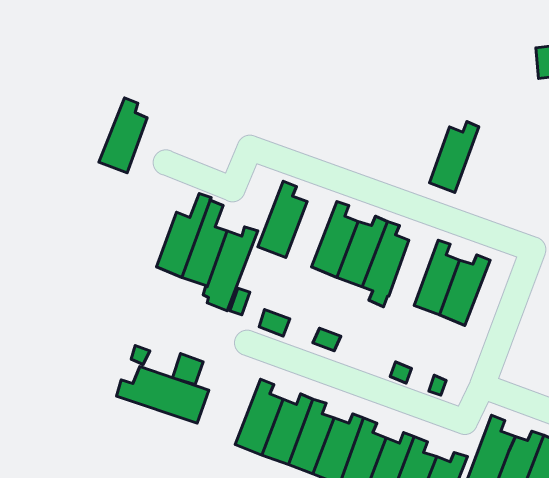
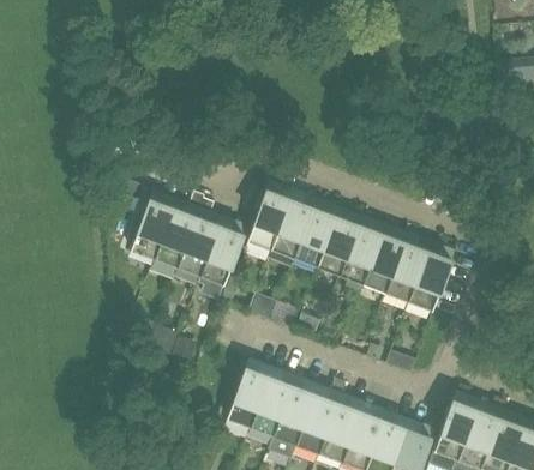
building: [99,98,147,173] -> [131,192,174,259]
building: [429,122,479,192] -> [365,230,409,294]
building: none -> [272,195,318,259]
building: [116,367,209,423] -> none

